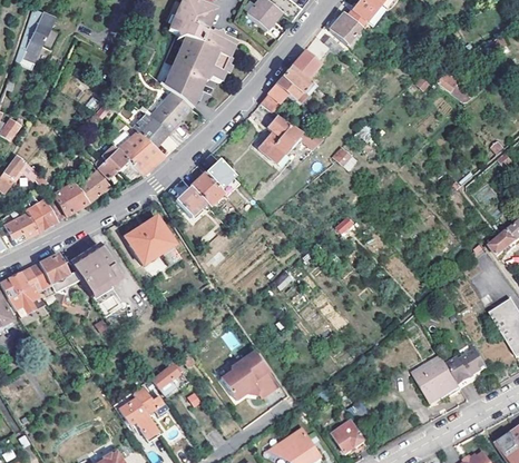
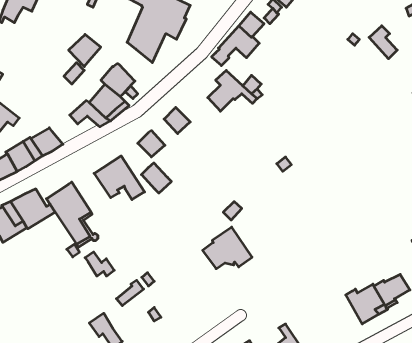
building: [154,92,190,129] -> [69,34,101,67]
building: [77,173,117,201] -> none
building: [190,173,225,207] -> [141,163,171,193]
building: [219,348,276,396] -> [203,227,252,269]
building: [133,384,166,412] -> [85,252,114,276]

